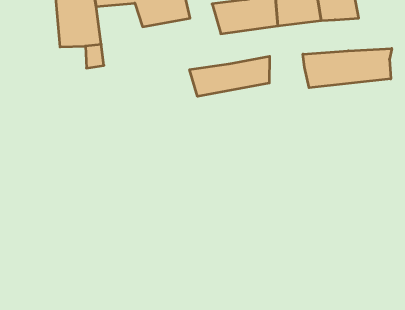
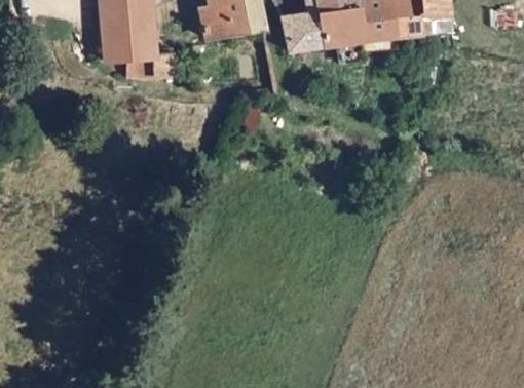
building: [303,48,392,88] -> none
building: [190,56,270,96] -> none

